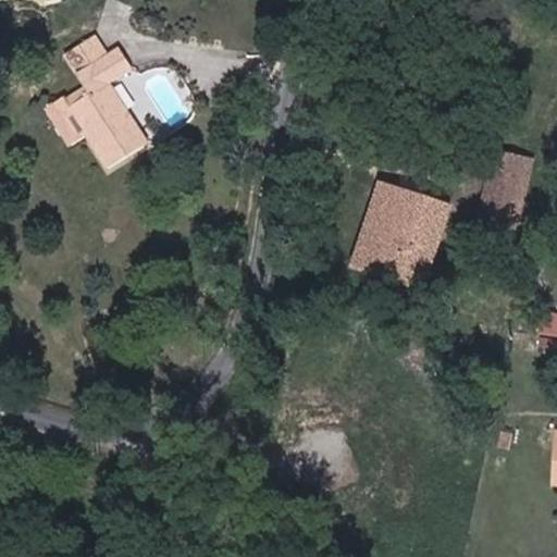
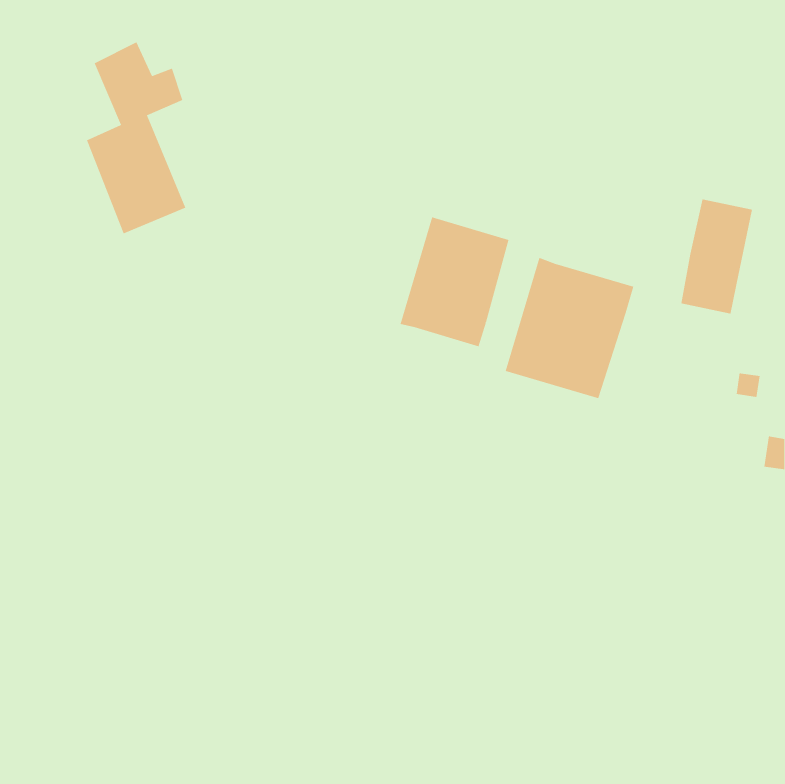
building: none -> [400,216,509,347]

